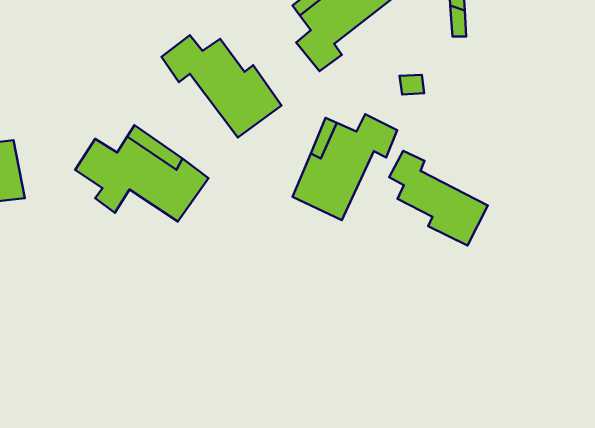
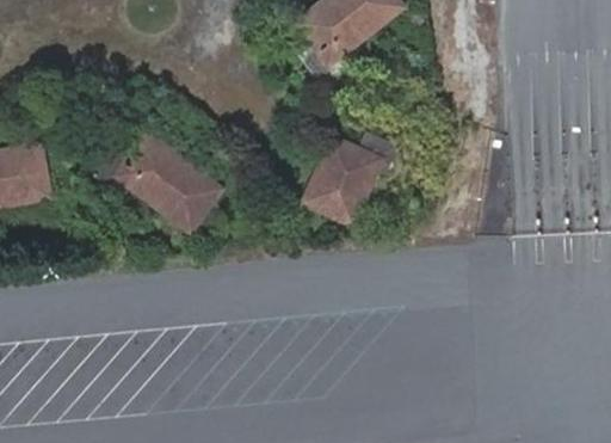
building: [162,35,282,138] -> none
building: [389,151,488,245] -> none

